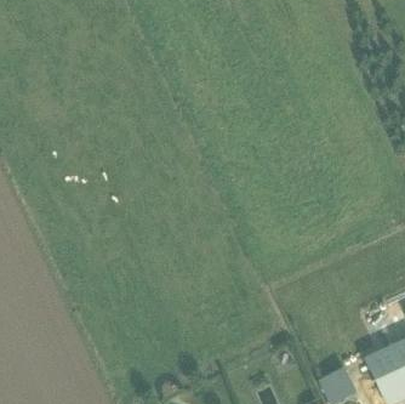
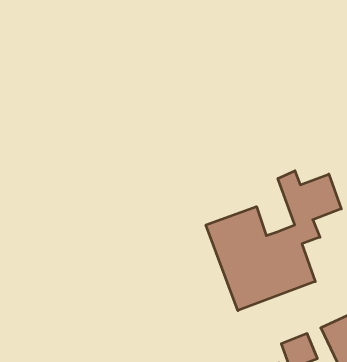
building: none -> [206,171,341,311]

